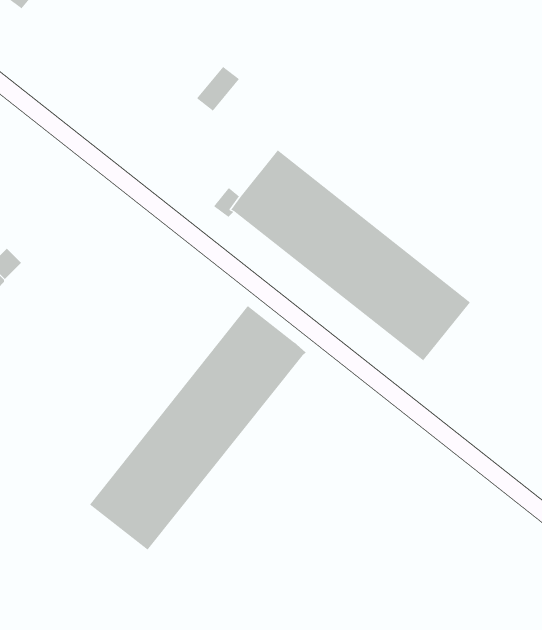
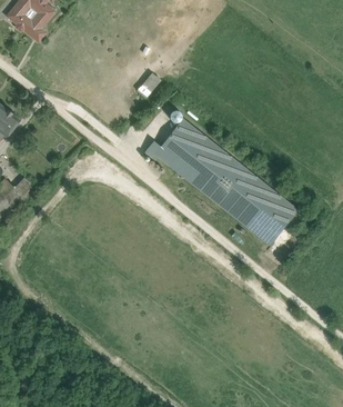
building: [89,305,307,550] -> none

